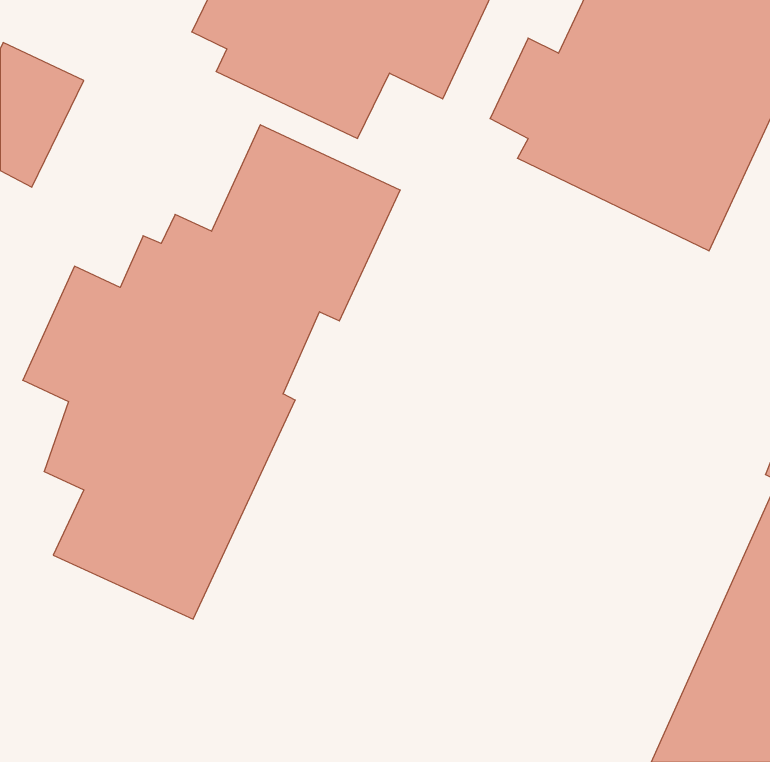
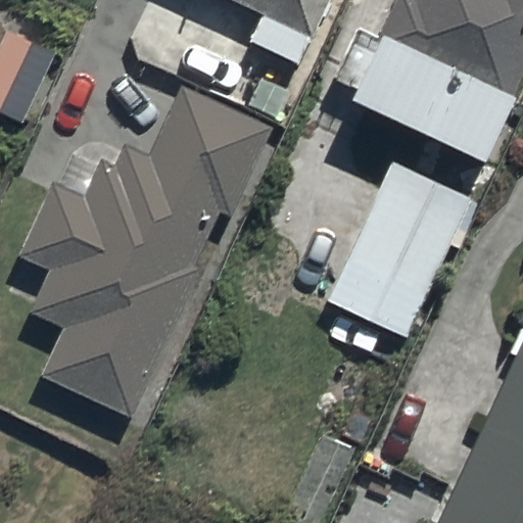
building: none -> [333,163,473,330]

